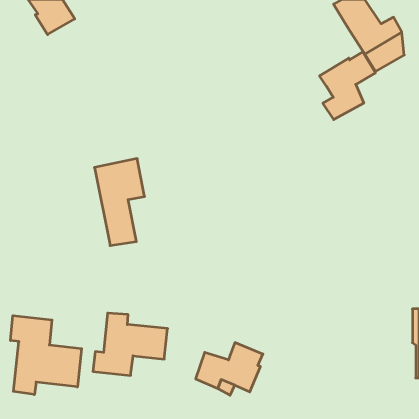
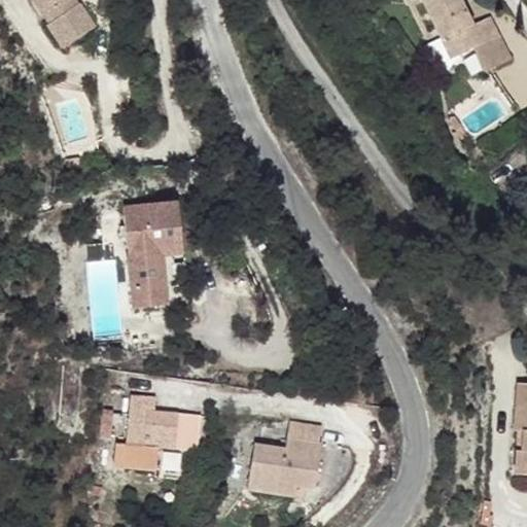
building: [320,52,375,120] -> none
building: [11,316,82,395] -> none

